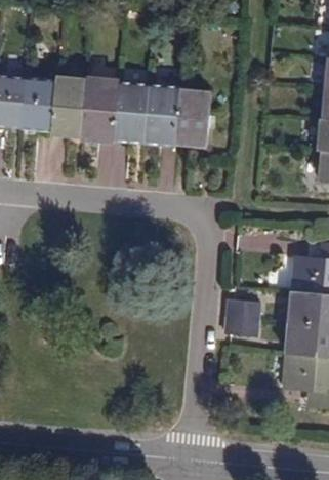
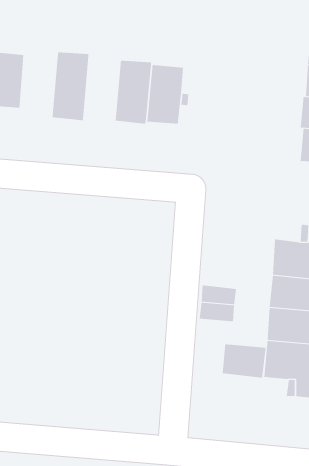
building: [47,76,84,137] -> none
building: [110,80,145,143] -> none
building: none -> [222,343,266,378]

